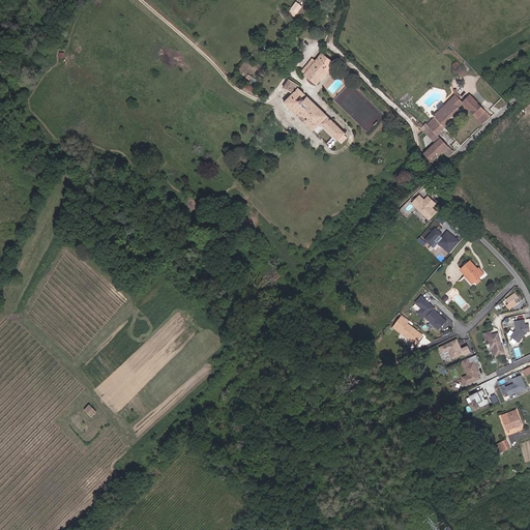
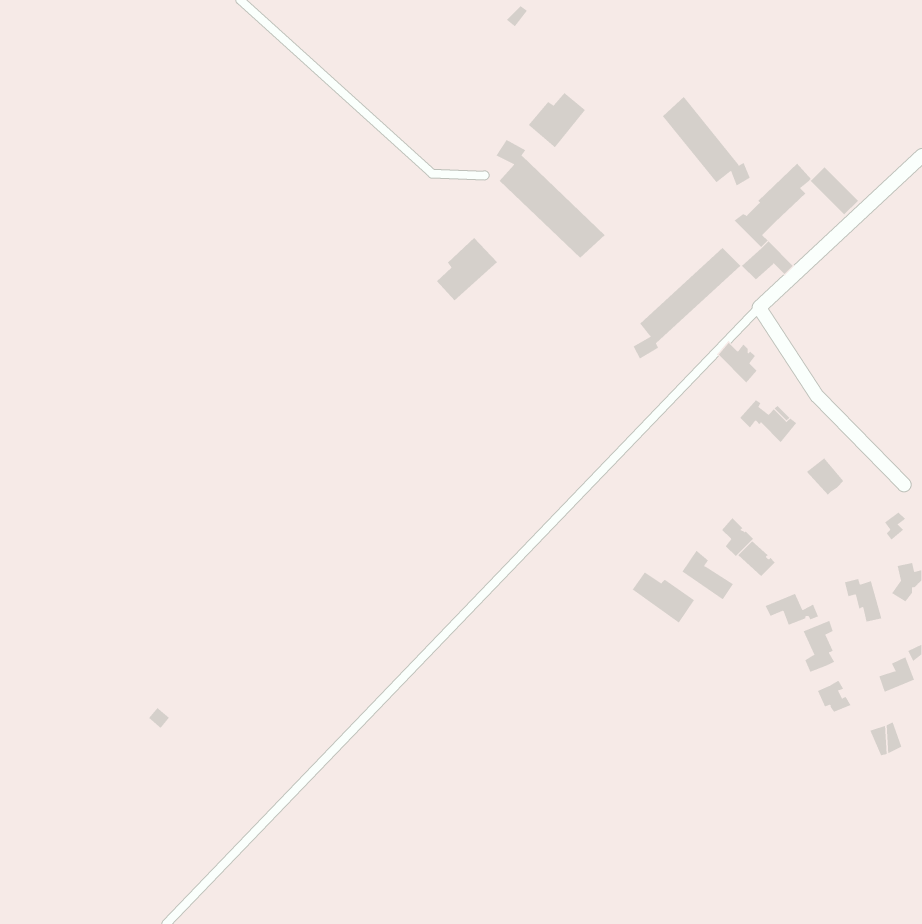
building: none -> [662,96,751,187]
building: none -> [436,237,498,301]
building: none -> [633,247,741,360]
building: none -> [632,571,695,624]

